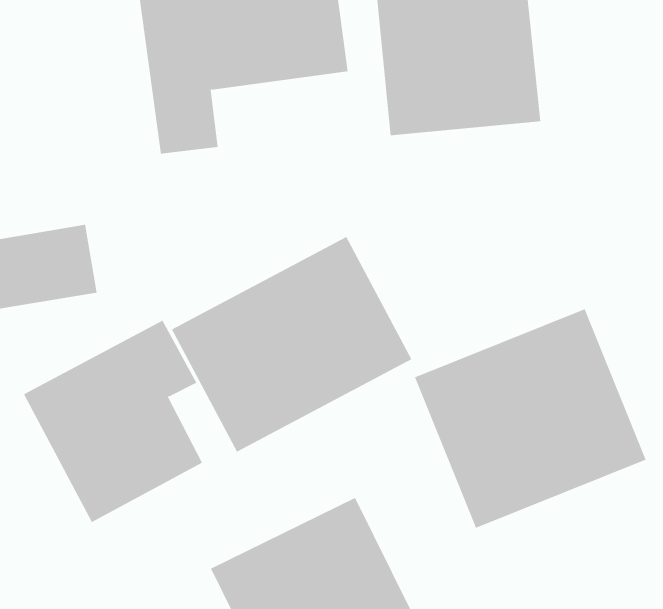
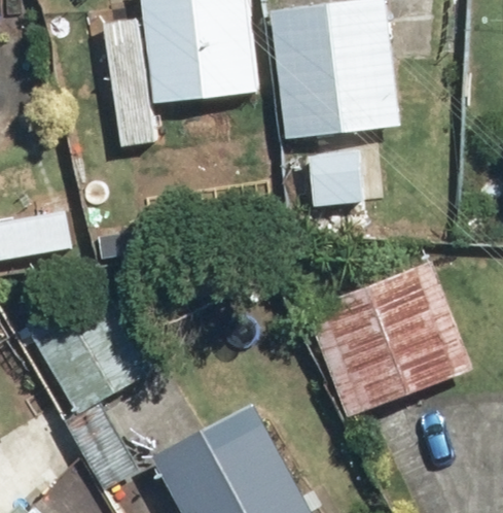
building: [171,236,412,452] -> none

